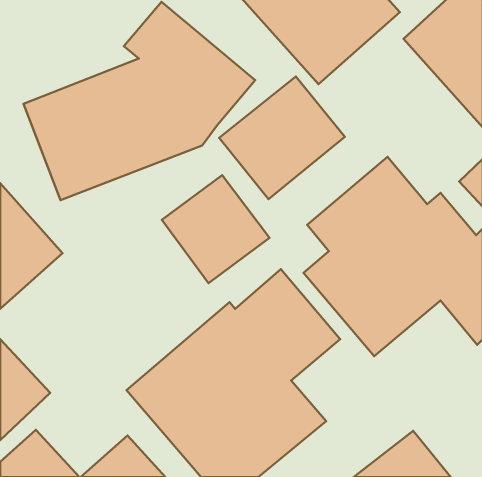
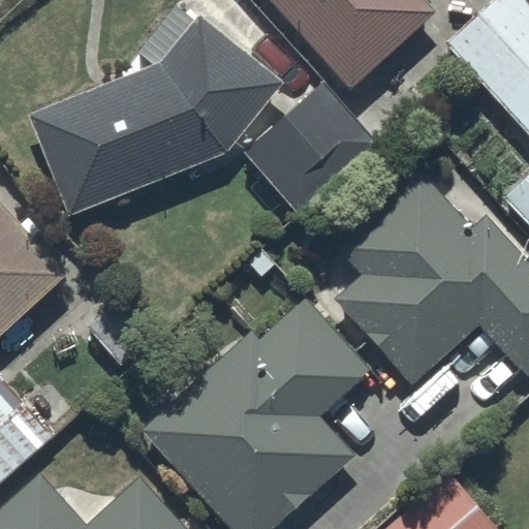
building: [162,175,269,283] -> none

